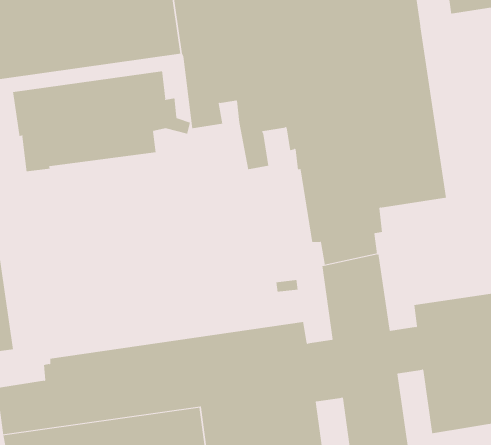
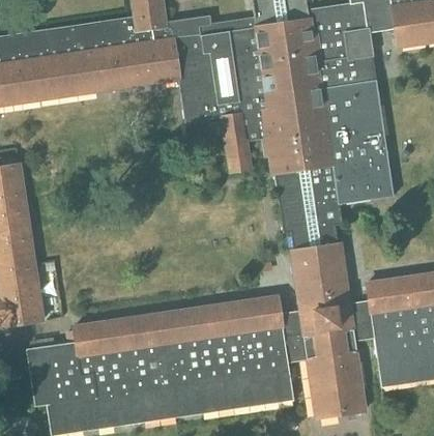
building: [12,71,190,172] -> none

